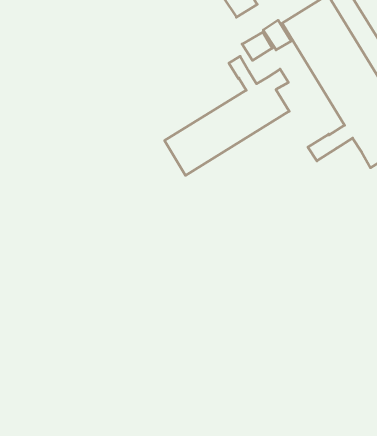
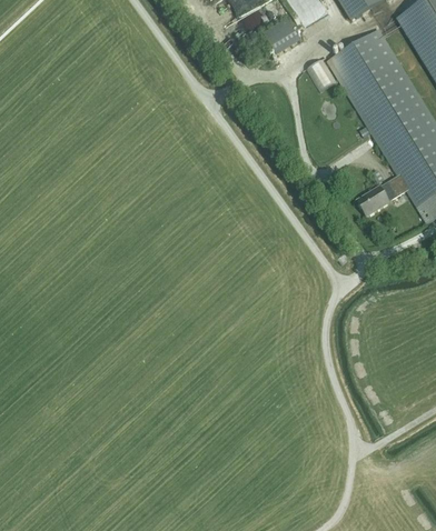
building: [242,32,272,60] -> none
building: [165,56,289,175] -> none

